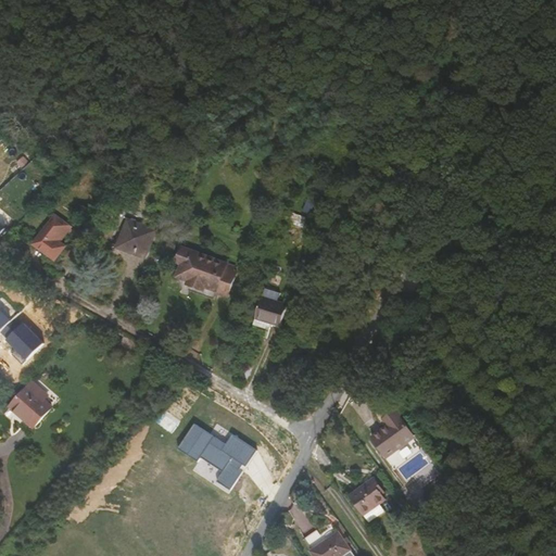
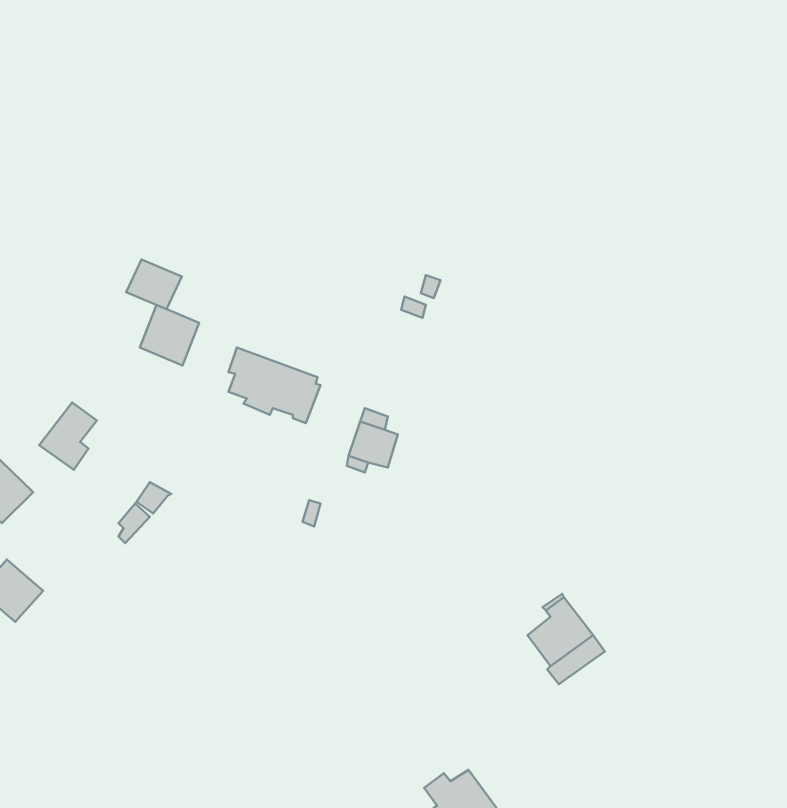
building: none -> [126,260,182,309]
building: [30,214,68,258] -> [39,402,97,470]
building: [178,421,258,490] -> none
building: [341,475,383,514] -> none

